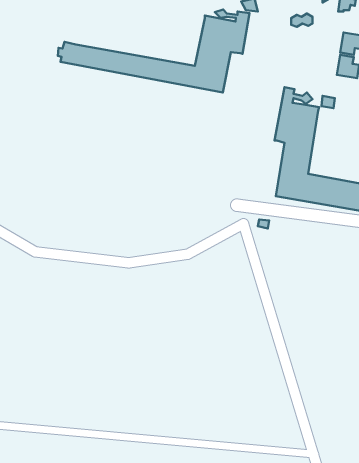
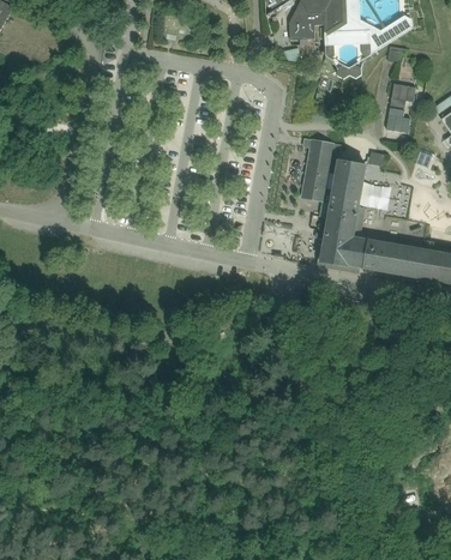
building: [58,10,249,92] -> none
building: none -> [301,139,330,200]

